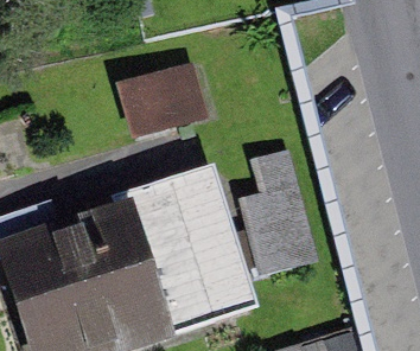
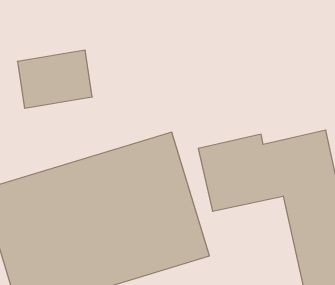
building: [122,59,210,127] -> [17,50,92,108]

